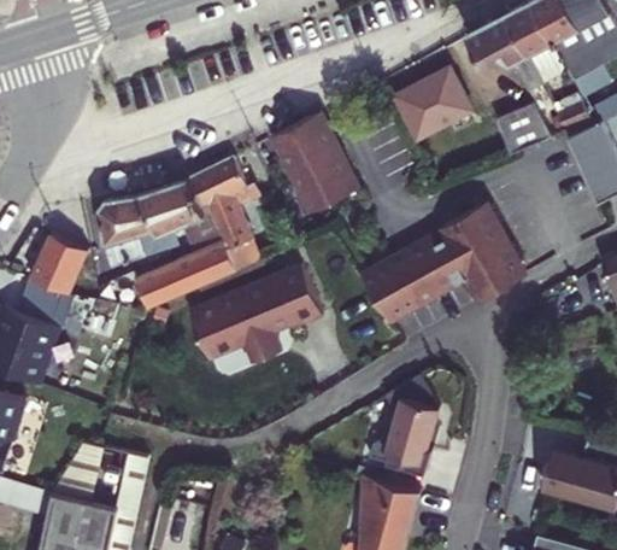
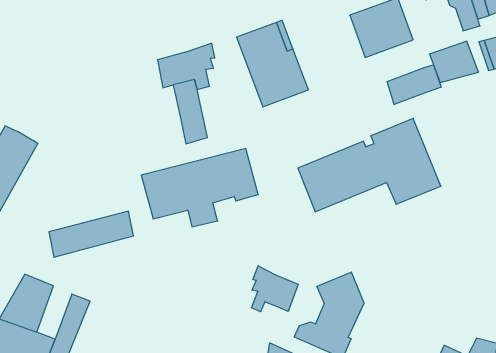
building: none -> [387,65,441,105]
building: [95,180,199,265] -> none
building: [37,236,90,296] -> none
building: [136,242,231,306] -> [49,211,134,257]
building: none -> [251,266,298,312]

